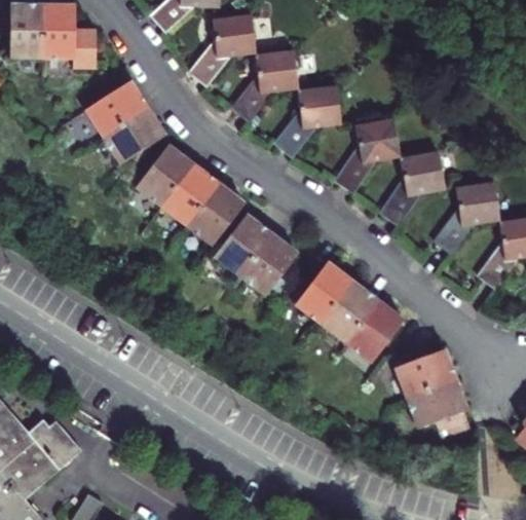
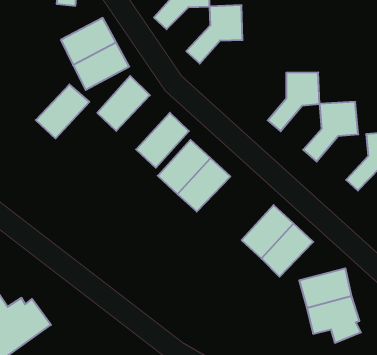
building: [275,83,340,156] -> none
building: [158,164,220,230] -> [36,84,89,138]
building: [293,261,353,326] -> none

